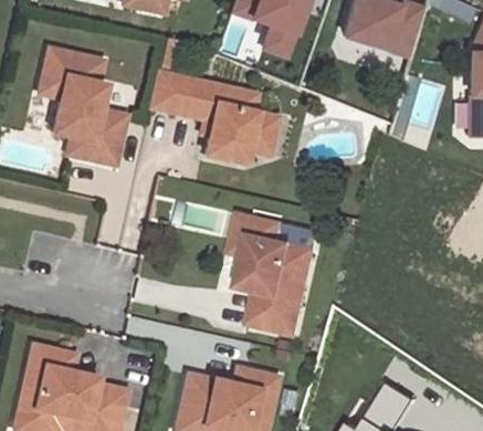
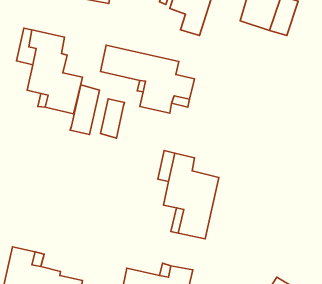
building: none -> [70,85,100,134]
building: none -> [100,99,125,138]

